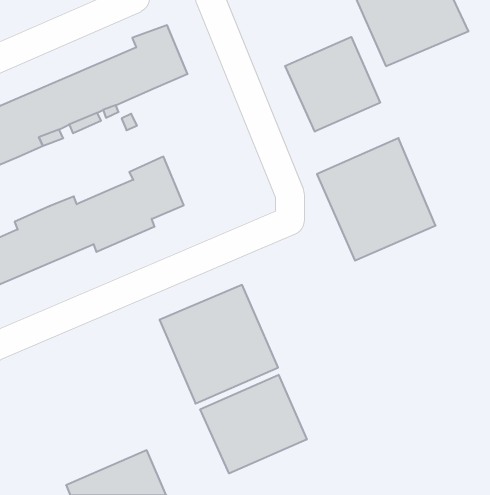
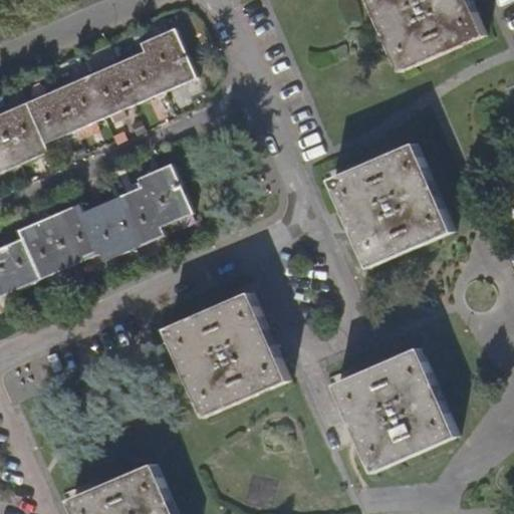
building: [285,37,380,132] -> none
building: none -> [335,349,457,473]
building: [200,375,307,473] -> none

